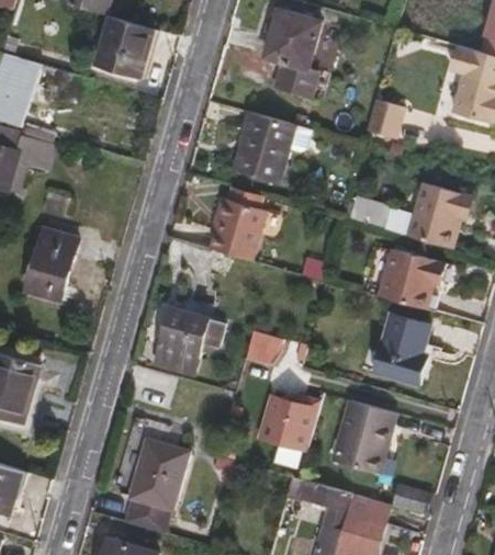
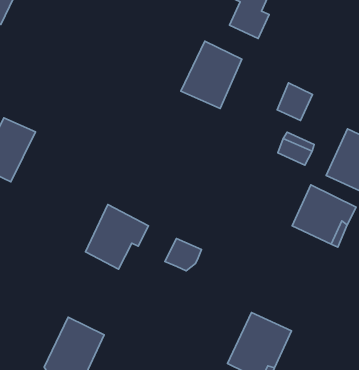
building: [365,98,402,137] -> [277,83,313,121]
building: [207,199,263,261] -> none
building: [374,317,428,386] -> none
building: [259,394,320,450] -> none

